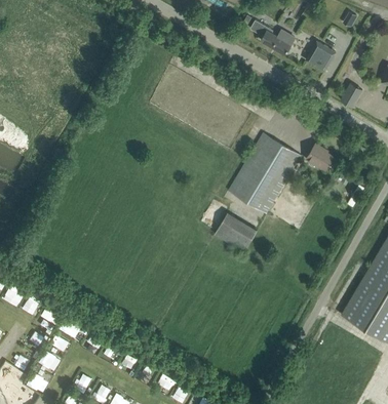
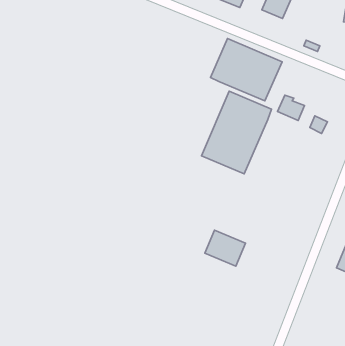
building: none -> [210,38,282,101]
building: [216,215,256,252] -> [205,230,246,266]

